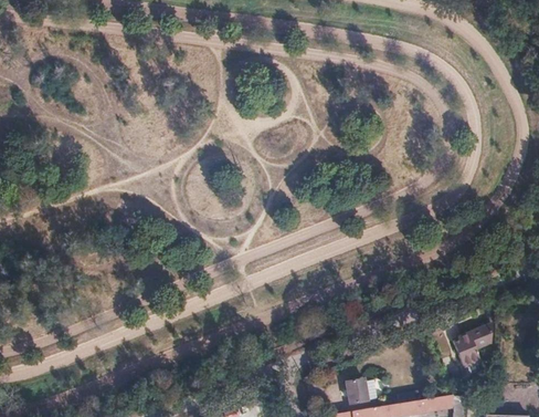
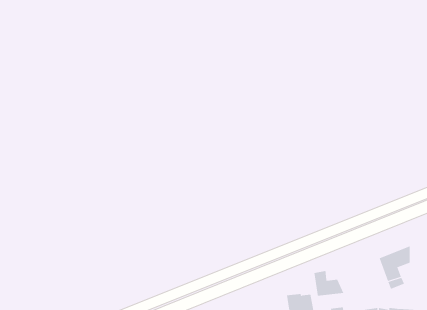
building: none -> [314,270,344,296]

